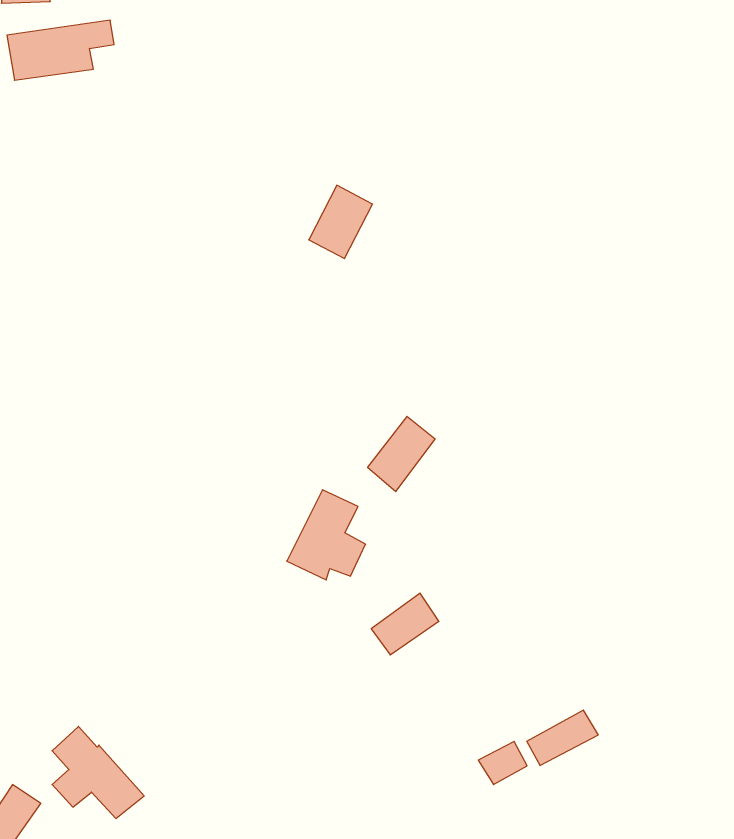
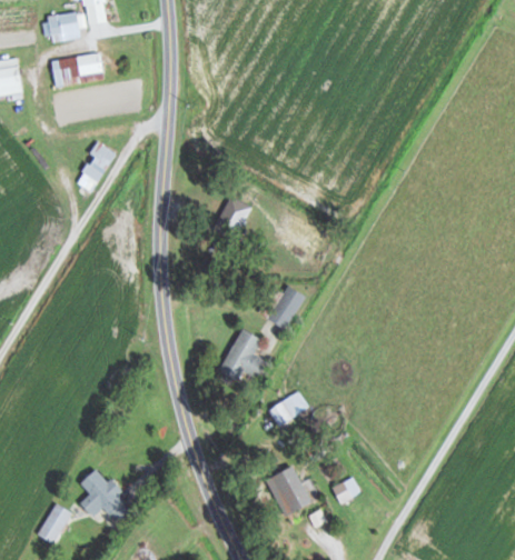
building: none -> [78,142,116,182]
building: [309,185,373,259] -> [214,196,251,239]
building: [527,710,598,766] -> none
building: none -> [264,464,310,517]

